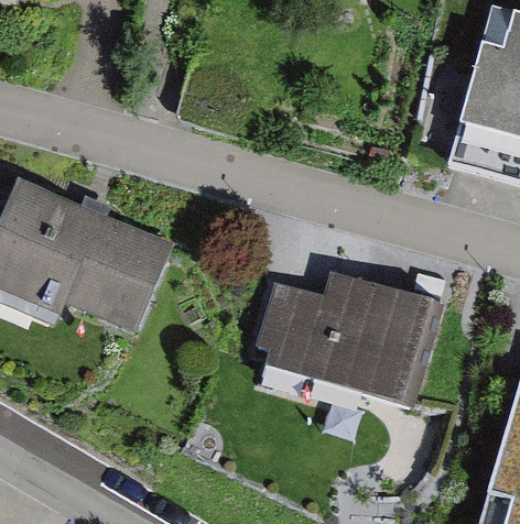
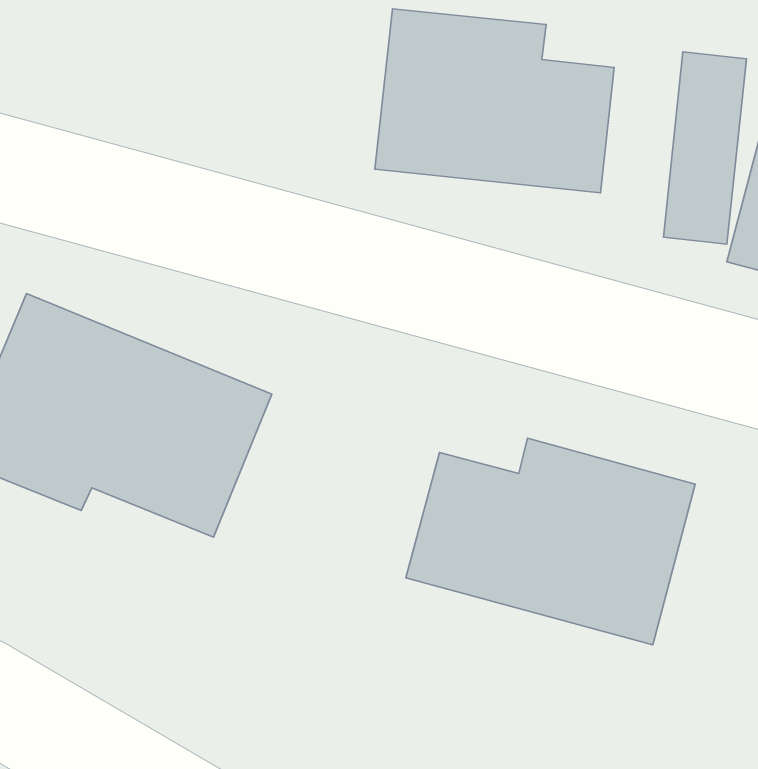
building: none -> [375,9,614,193]

